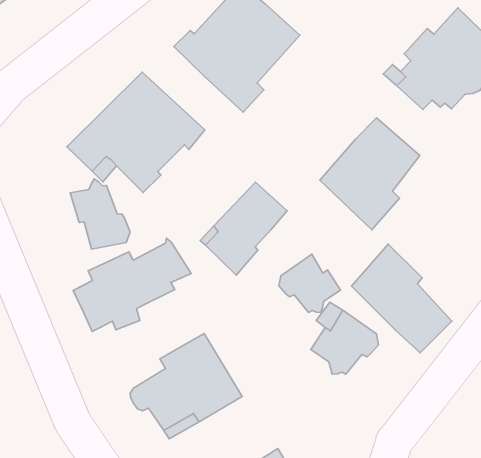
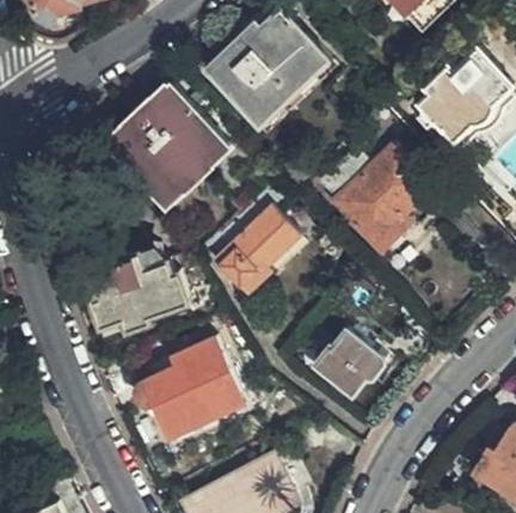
building: [70,179,130,249] -> none
building: [352,244,452,353] -> none
building: [279,254,341,313] -> none

